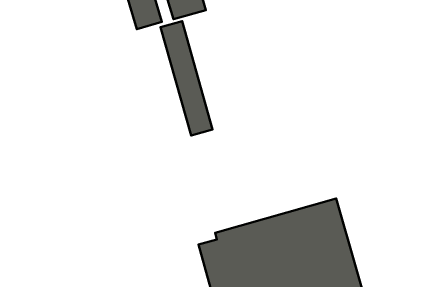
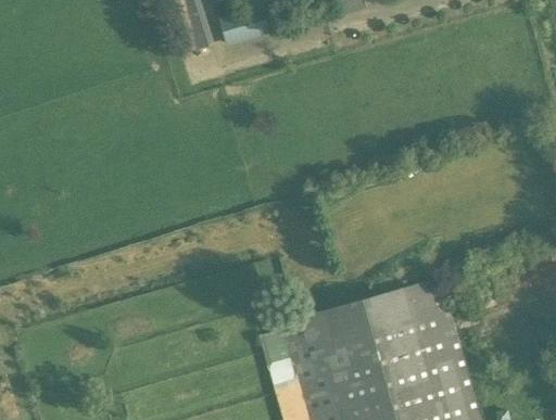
building: [161,21,213,135] -> none

